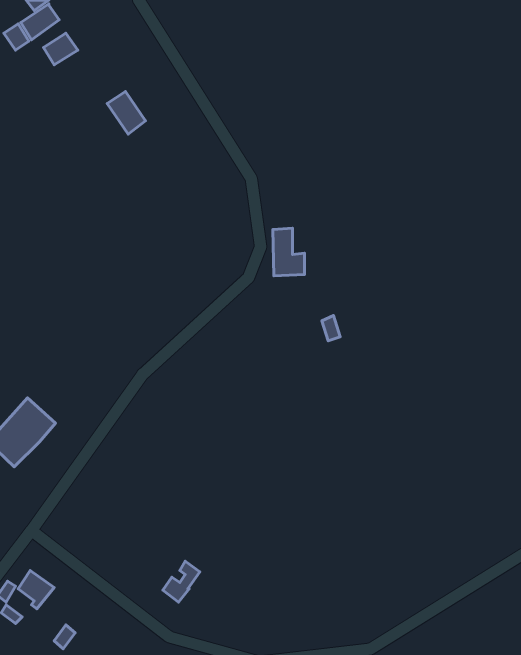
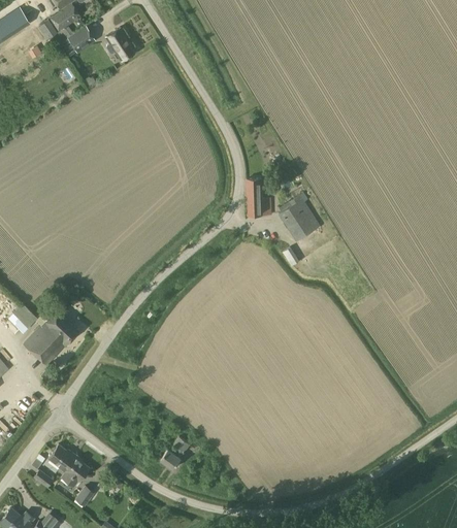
building: [107,92,145,134] -> [105,27,135,60]
building: none -> [279,194,320,240]
building: none -> [61,457,90,486]

